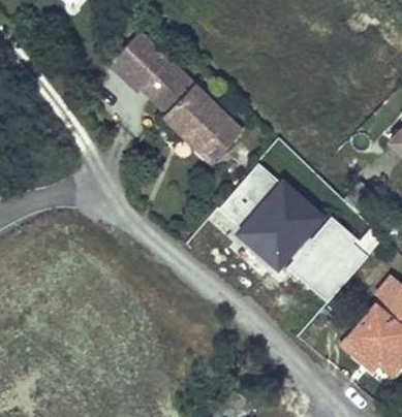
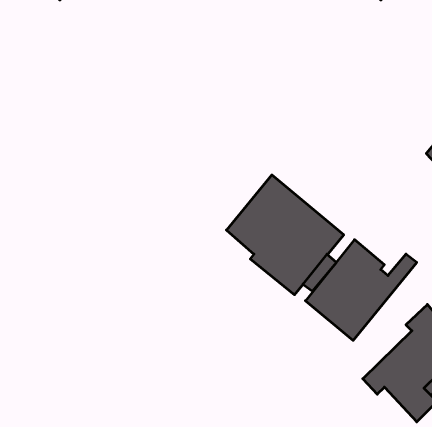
building: [112,31,242,163] -> none

